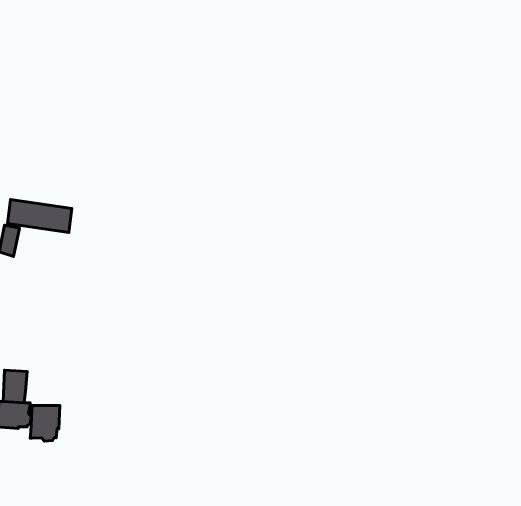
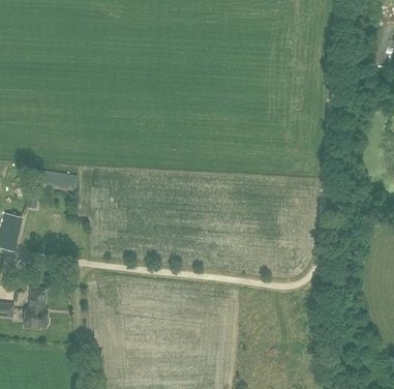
building: [30,405,60,441] -> none

